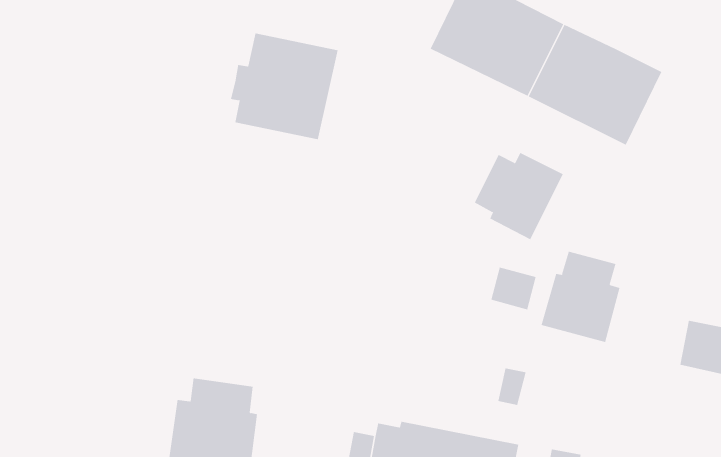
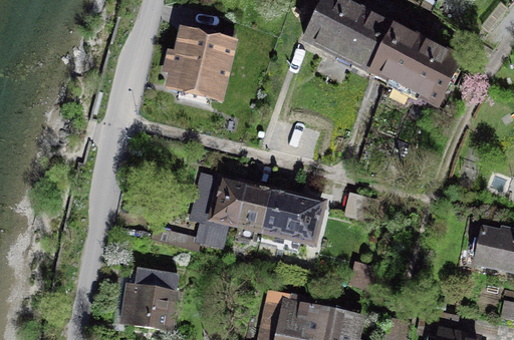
building: [474,152,564,240] -> none
building: none -> [150,167,326,265]
building: [541,251,620,343] -> none

